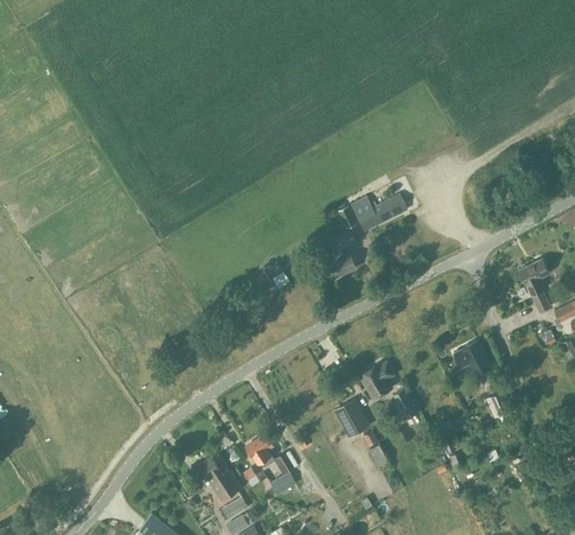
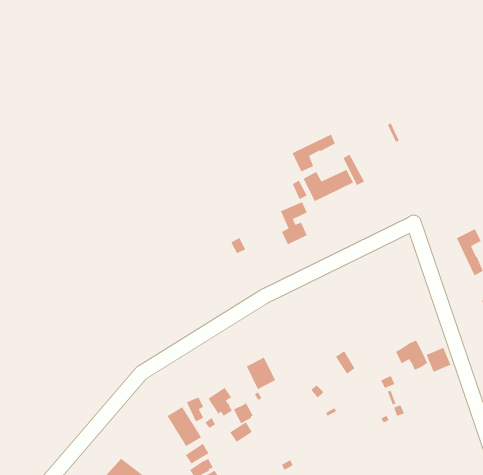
building: none -> [292,133,336,173]
building: [453,340,490,375] -> [395,340,428,371]
building: [359,362,394,400] -> none
building: [334,400,368,437] -> [246,357,276,390]

